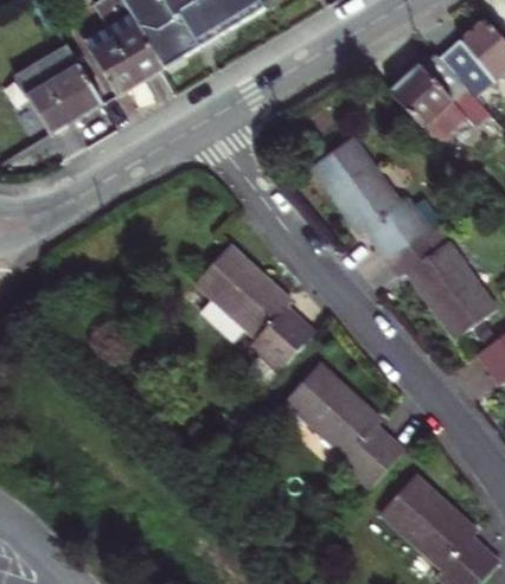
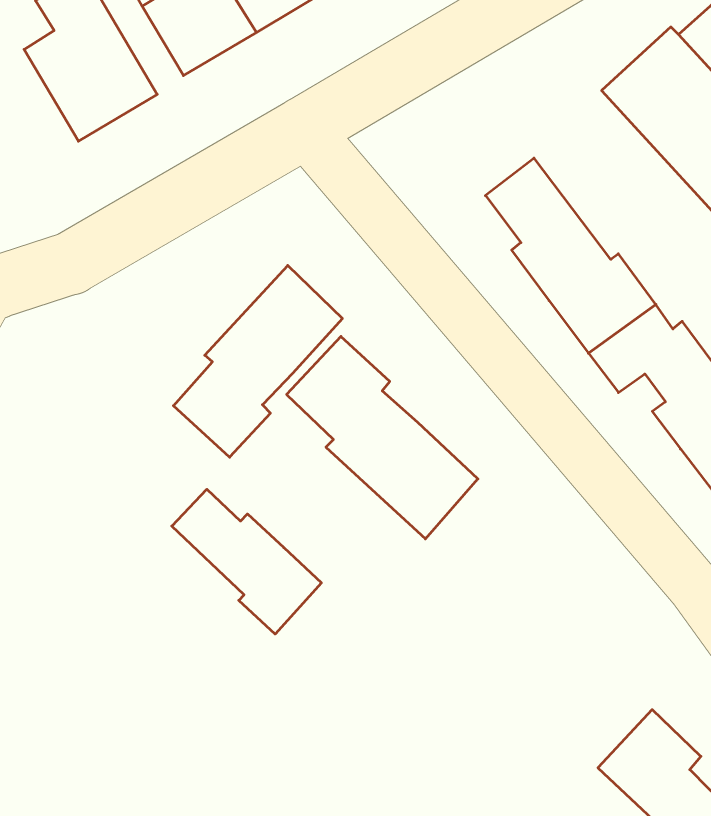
building: none -> [173,265,342,457]
building: none -> [172,489,321,634]
building: [282,361,409,493] -> none

